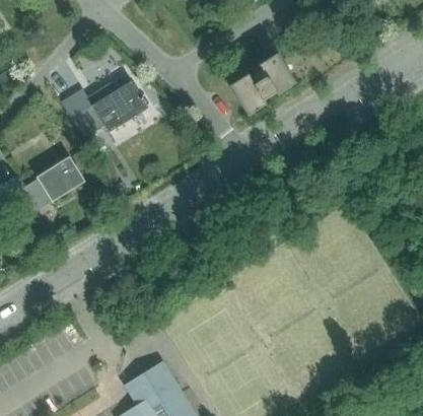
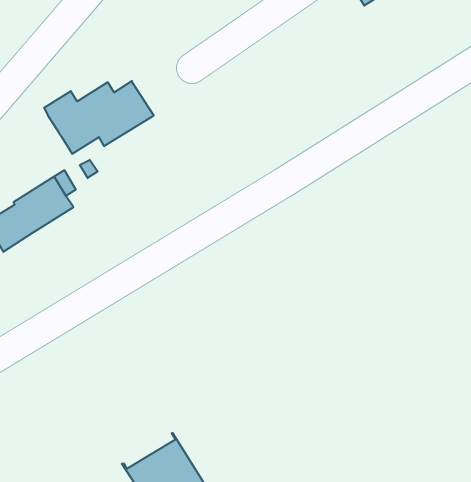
building: [229,53,296,116] -> none

